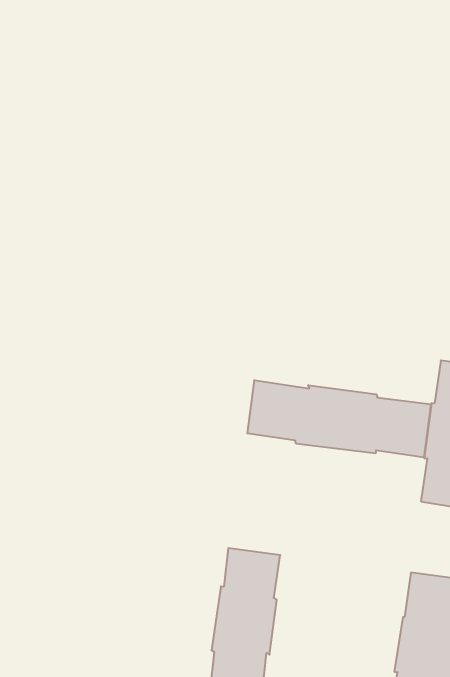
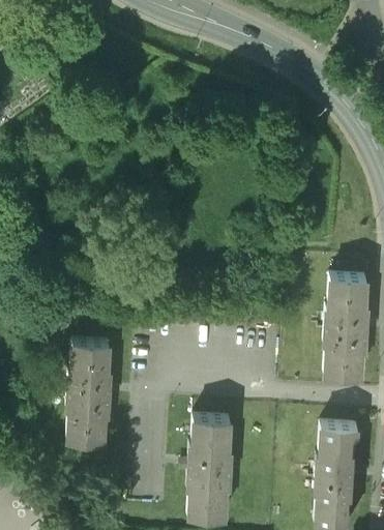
building: [247,380,431,457] -> none
building: none -> [65,337,109,439]

